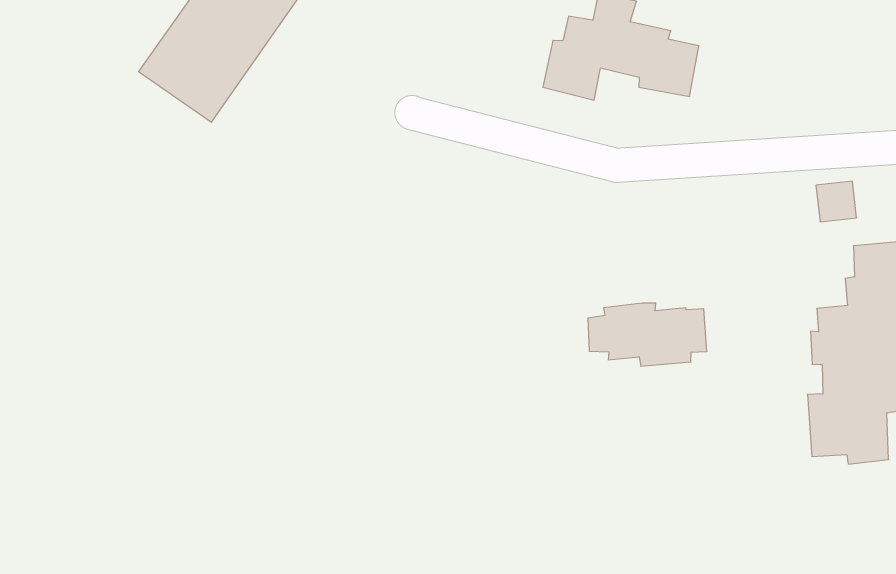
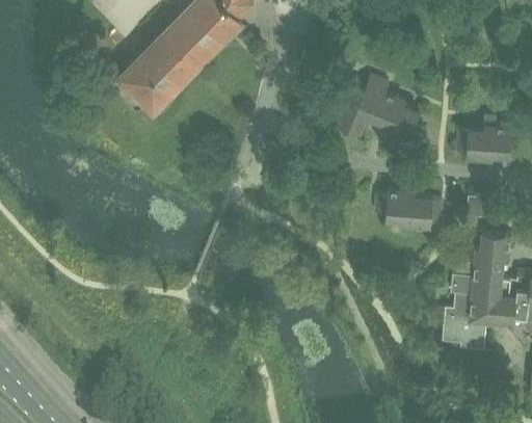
building: none -> [459,126,513,160]
building: [588,303,707,366] -> [377,191,442,228]

